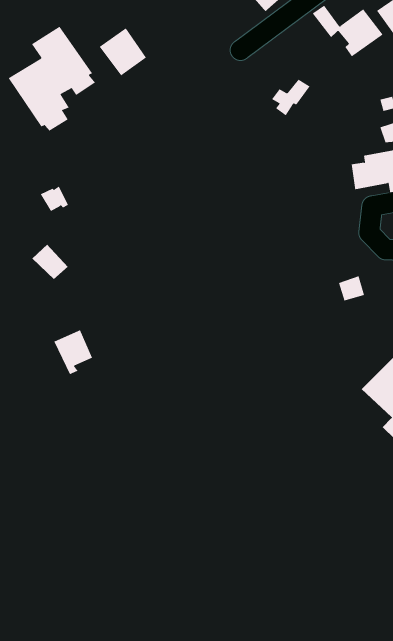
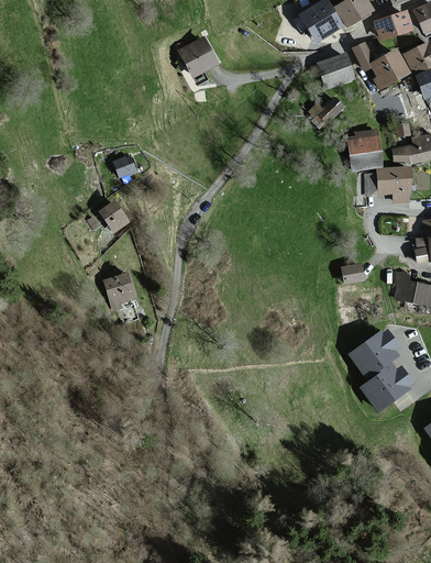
building: none -> [318,54,353,87]
building: [8,26,96,131] -> none
building: none -> [349,130,380,170]

